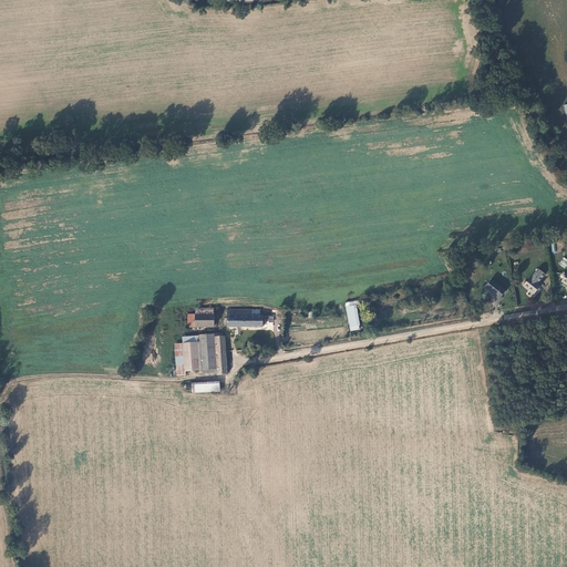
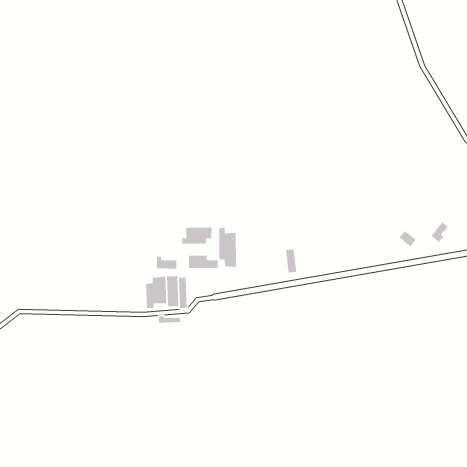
building: none -> [181,227,213,245]
building: none -> [218,227,237,268]

